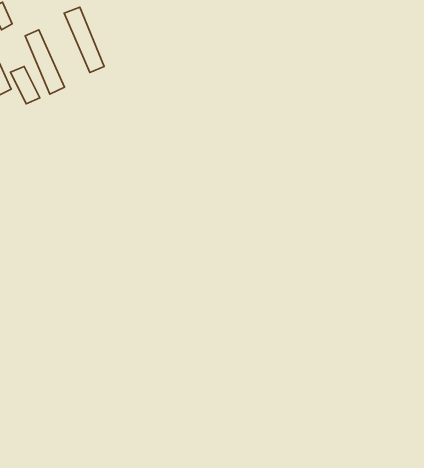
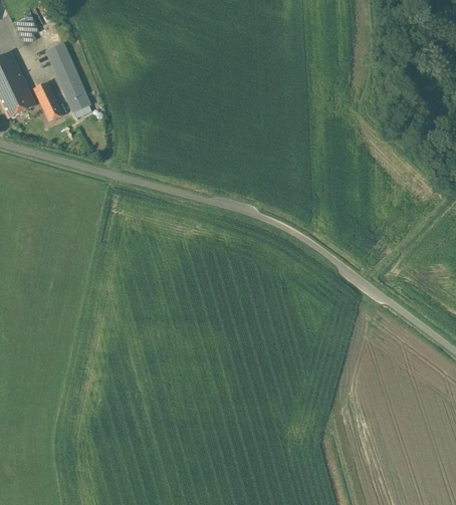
building: [64,7,104,73] -> none

